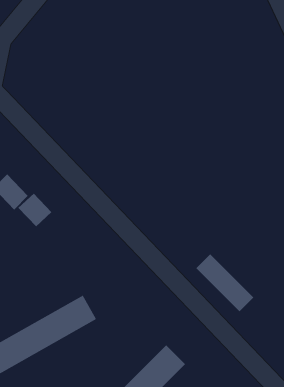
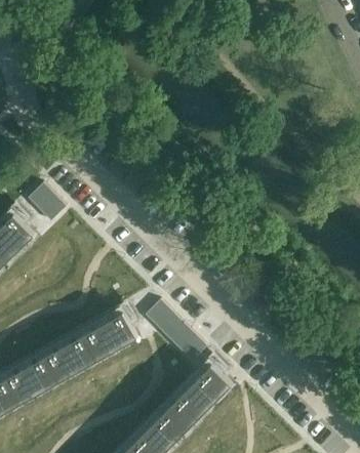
building: [18,193,52,227] -> none
building: [196,254,254,312] -> [145,299,206,361]

